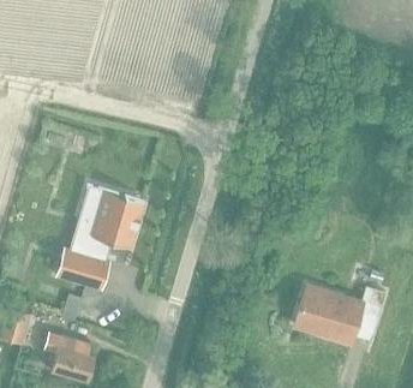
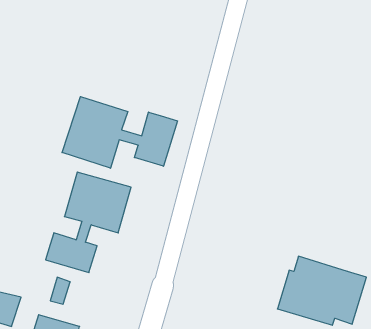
building: none -> [62,97,178,168]

